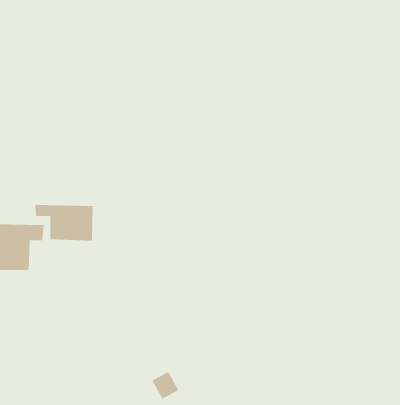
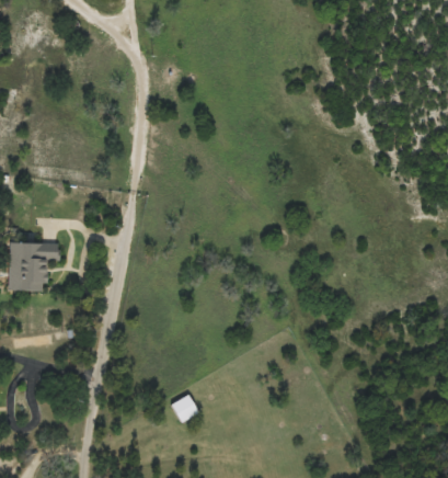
building: [35,204,93,241] -> none

